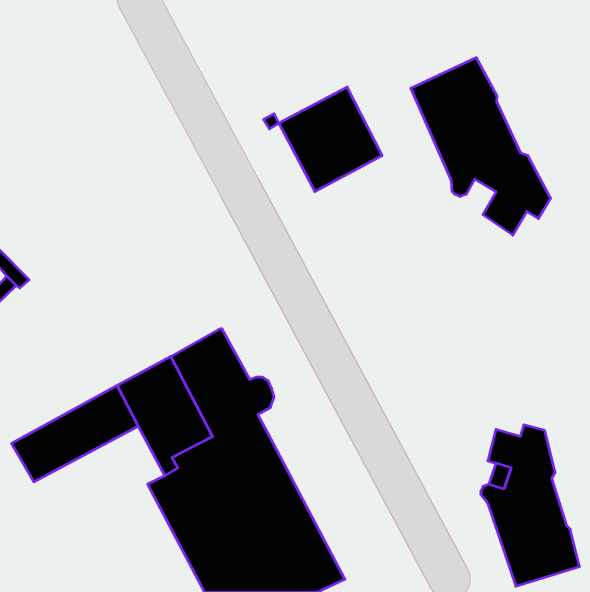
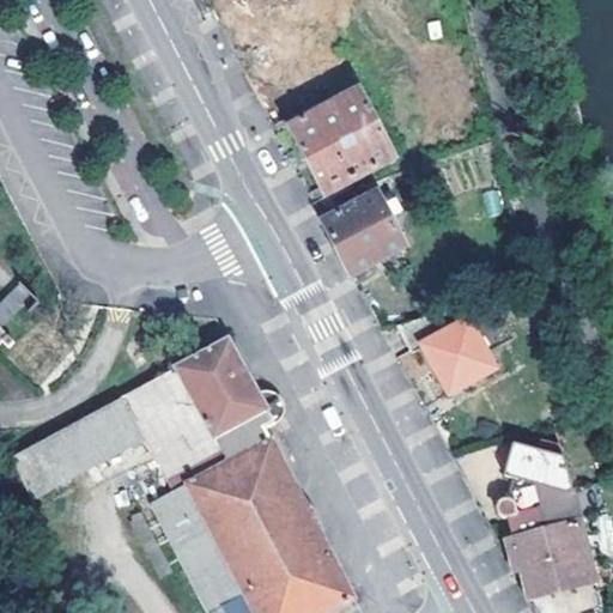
building: [411,58,551,235] -> none
building: none -> [315,188,406,275]
building: none -> [401,306,496,395]

